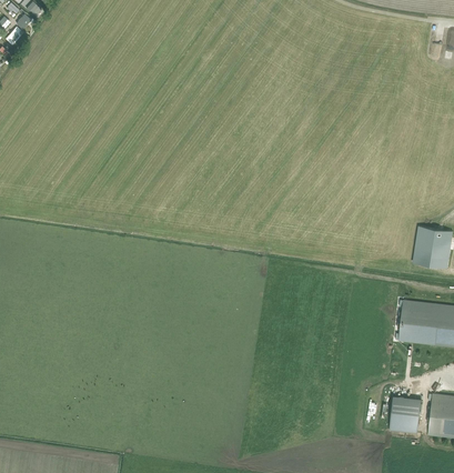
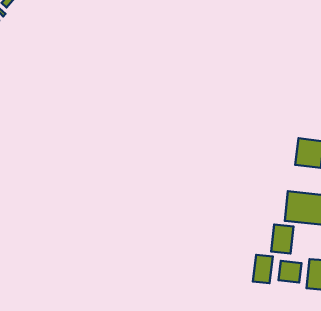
building: none -> [271,225,294,253]
building: none -> [253,255,273,283]

